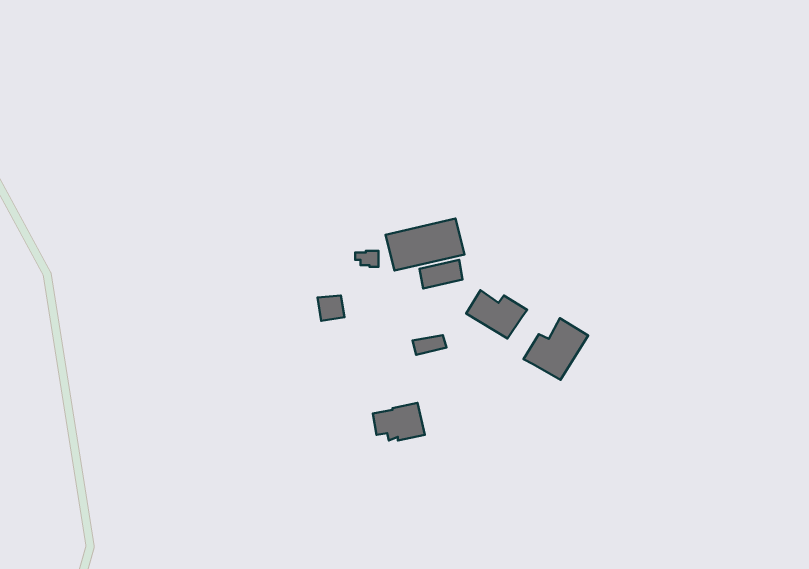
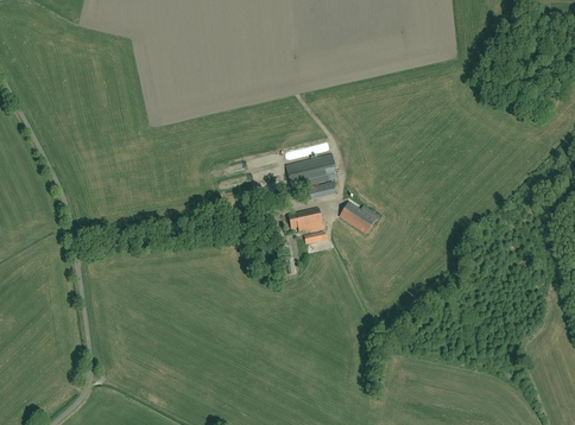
building: [524,318,588,380] -> none
building: [373,403,425,440] -> [289,207,323,231]

